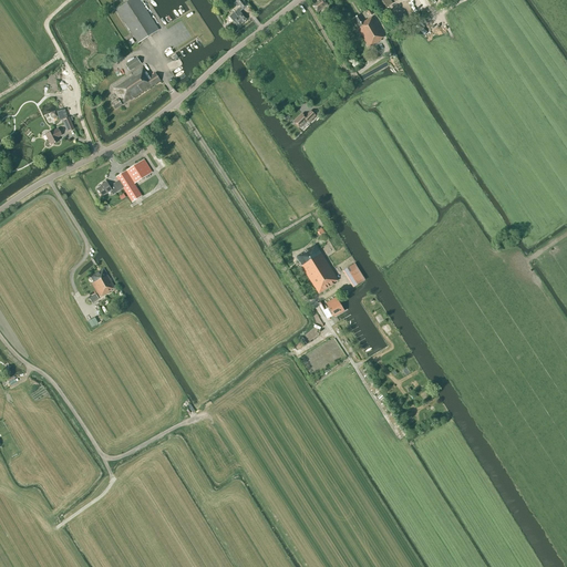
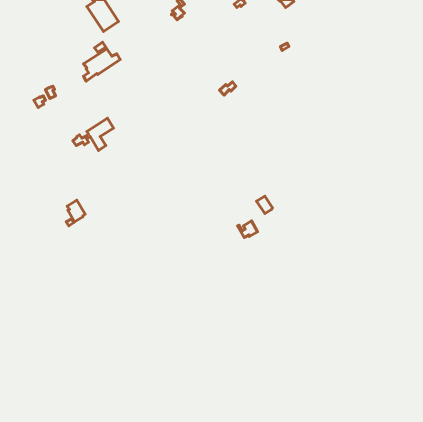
building: [354,14,384,47] -> none
building: [296,244,339,292] -> none

